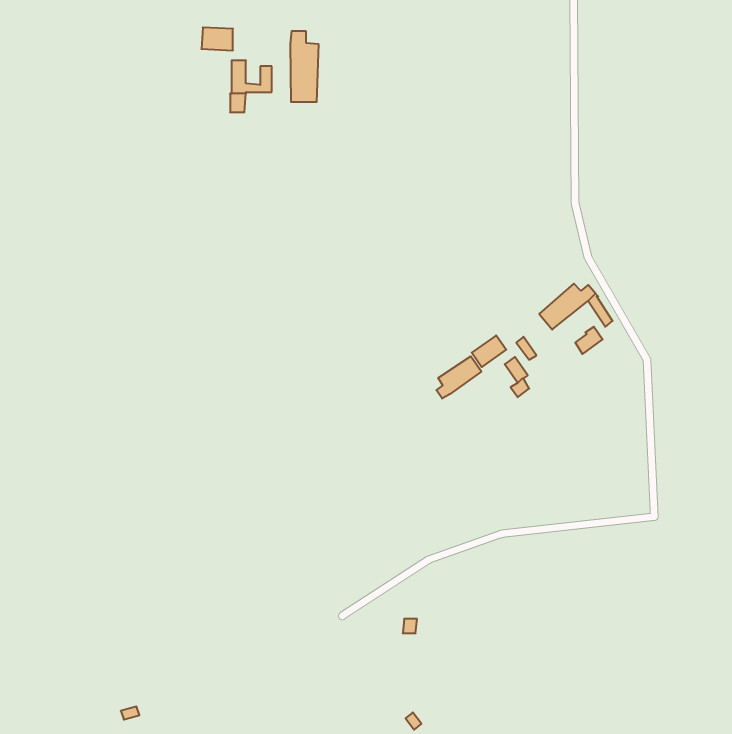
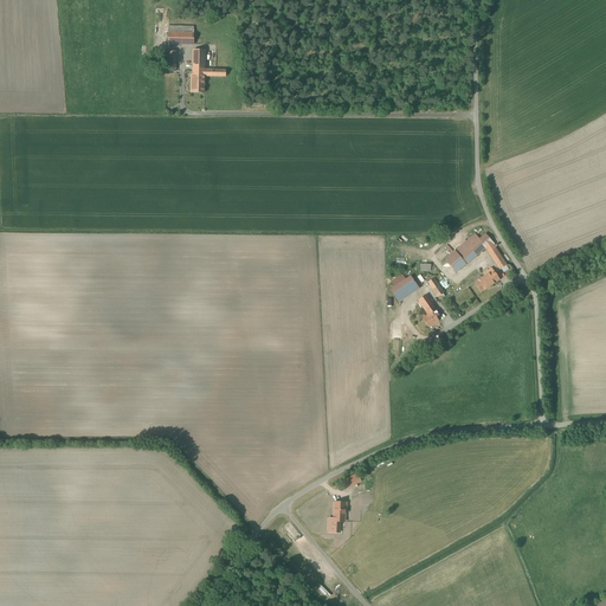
building: [290,31,318,102] -> none
building: [436,356,481,399] -> none

